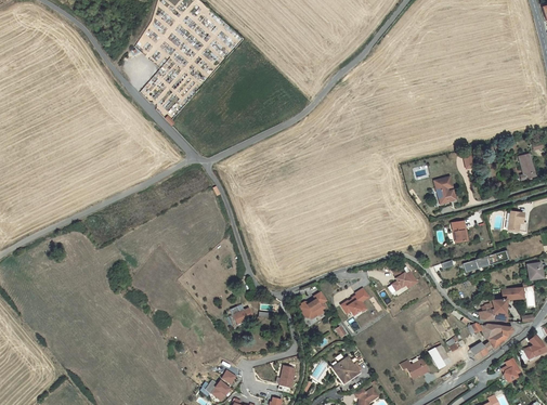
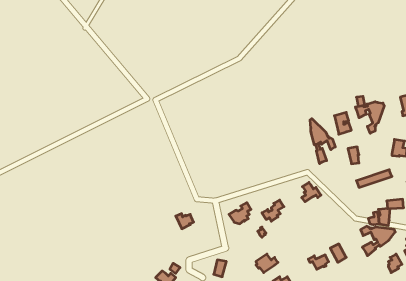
building: none -> [355,102,384,133]
building: none -> [310,119,335,164]

